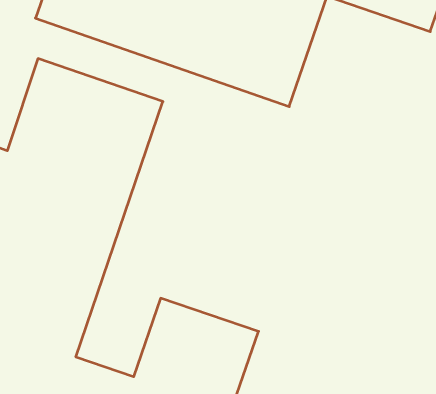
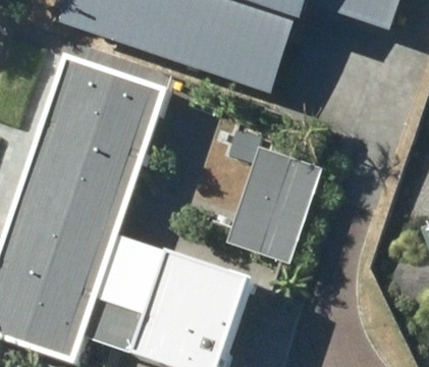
building: none -> [227,145,323,262]

